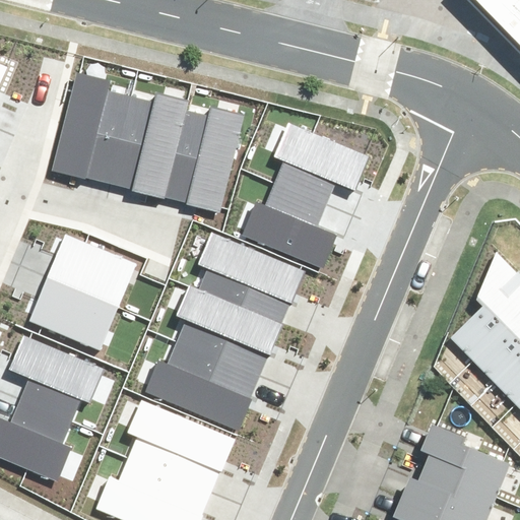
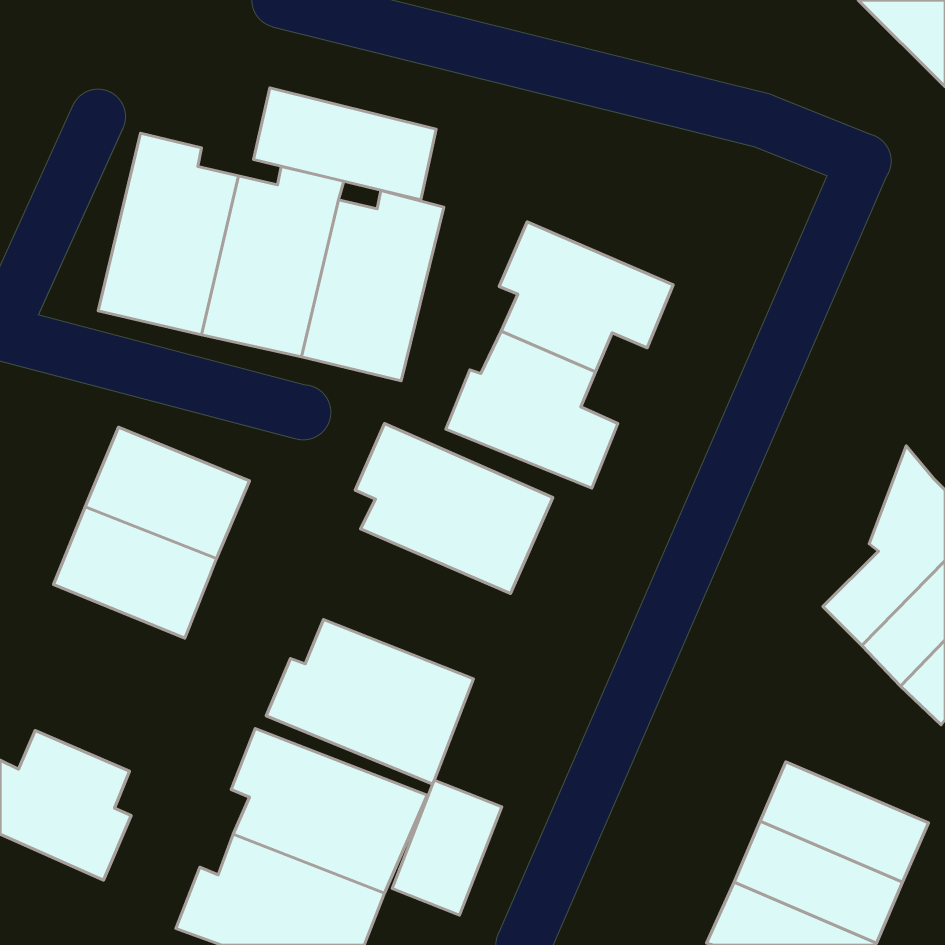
building: none -> [254,88,436,200]
building: [176,286,280,373] -> none
building: [7,337,102,424] -> none
building: none -> [392,780,502,915]

